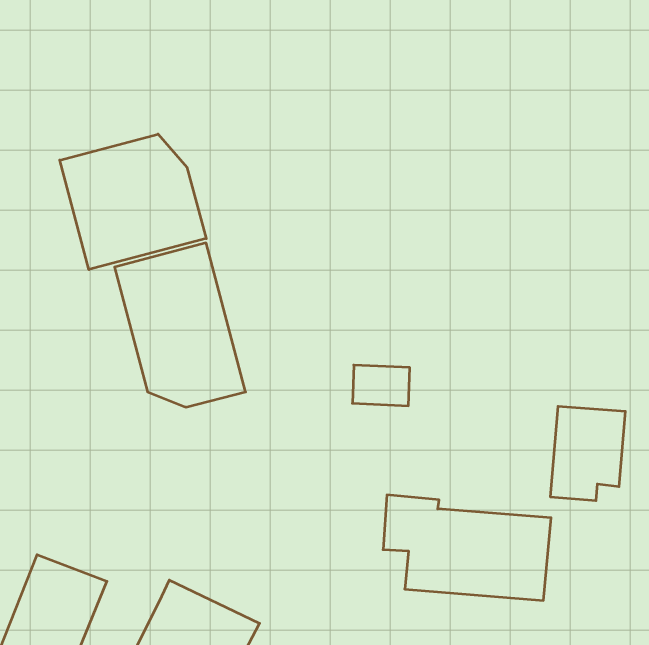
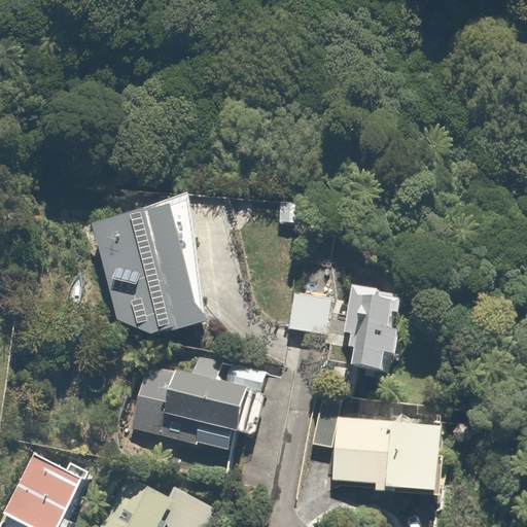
building: [60,134,206,270] -> none
building: [550,406,625,501] -> [343,287,403,363]
building: none -> [141,374,257,450]

